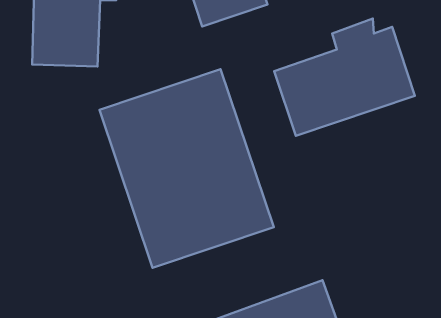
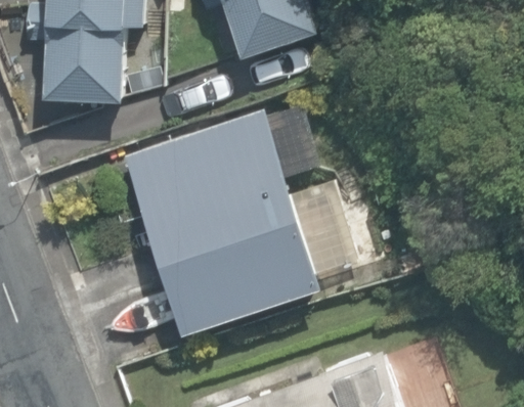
building: [274,18,415,136] -> none

